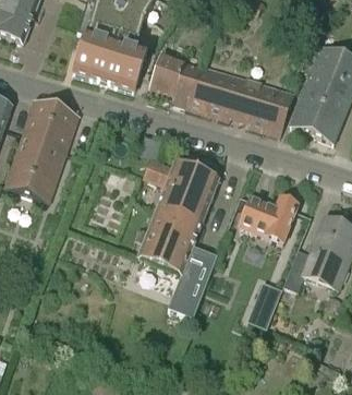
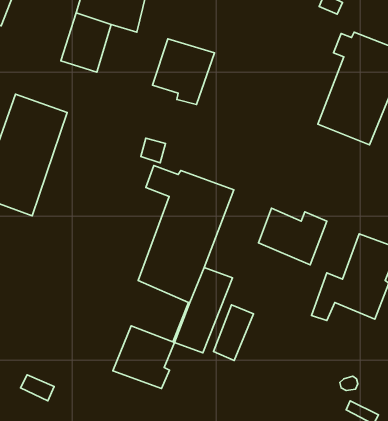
building: [104,38,146,87] -> none
building: [187,62,294,133] -> none
building: [248,279,282,326] -> [213,305,253,360]
building: none -> [113,326,174,389]

